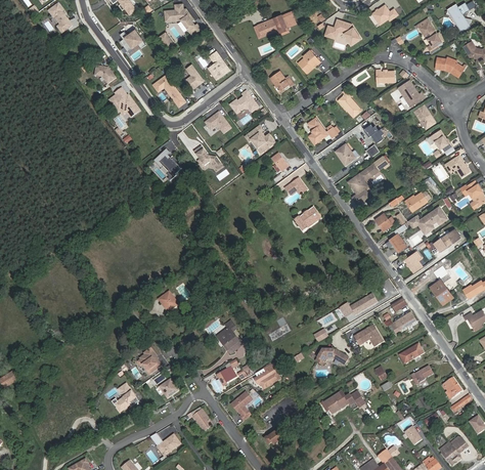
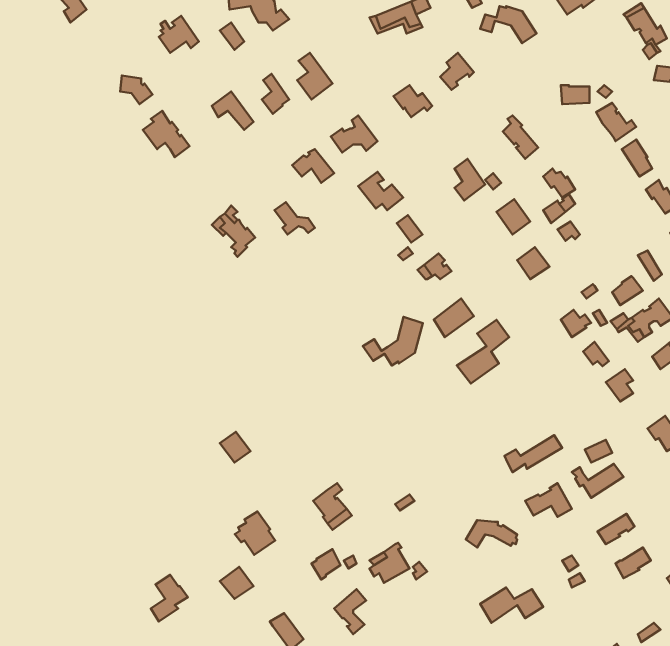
building: none -> [363,317,423,365]
building: none -> [457,320,509,384]
building: [137,347,163,375] -> [235,512,275,555]

